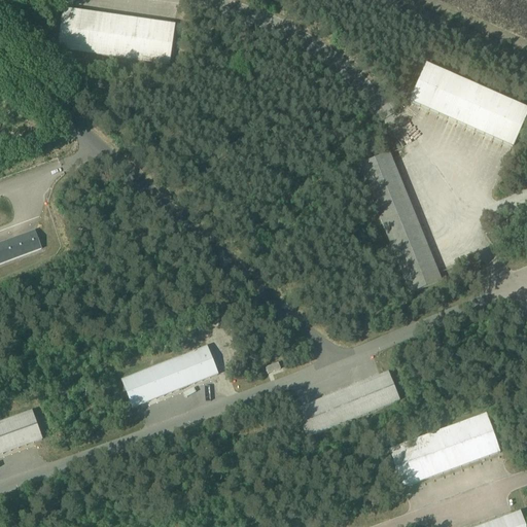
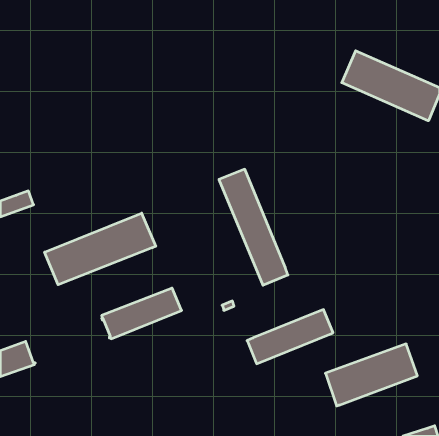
building: [58,6,176,63] -> none
building: [359,151,442,290] -> [219,169,288,285]
building: none -> [45,213,156,285]

